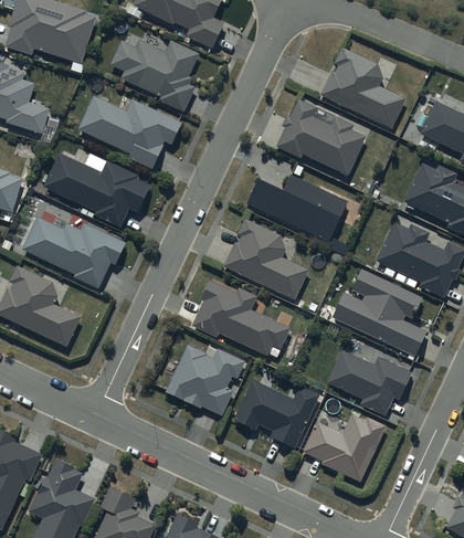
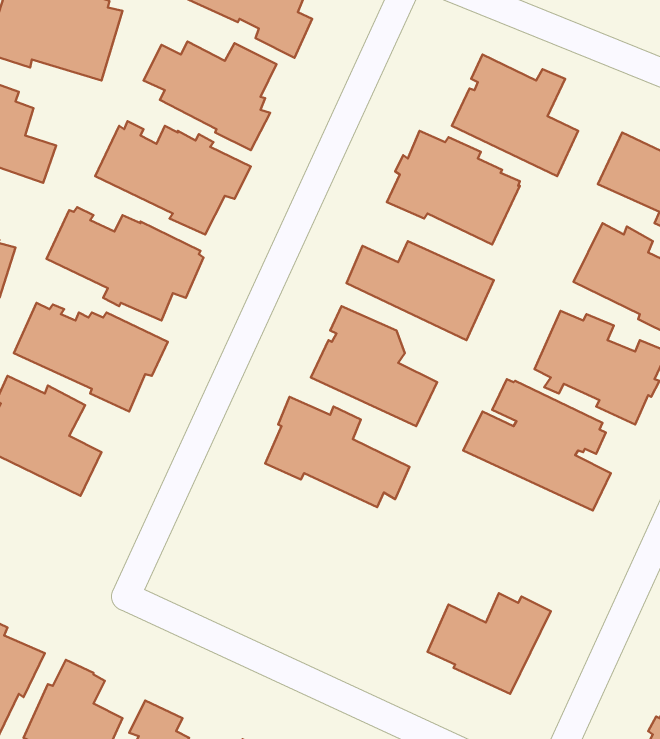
building: [165,344,245,416] -> none
building: [326,349,414,416] -> none
building: [233,379,324,449] -> none

